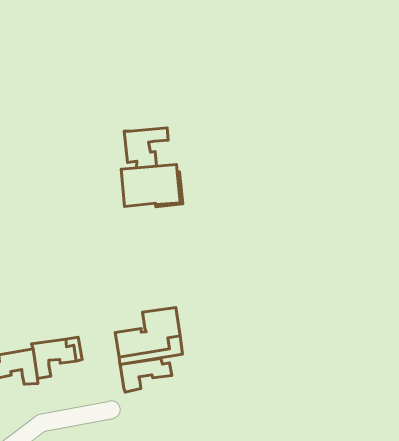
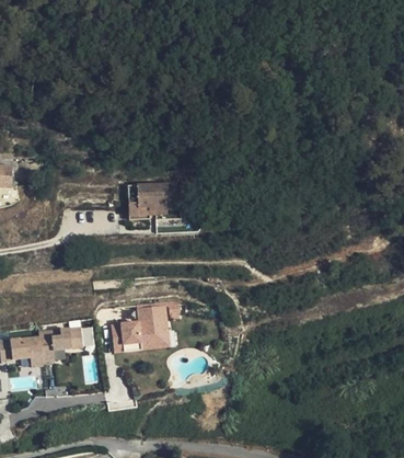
building: [124,128,168,168] -> none
building: [120,359,172,392] -> none

